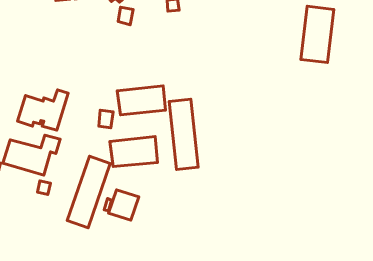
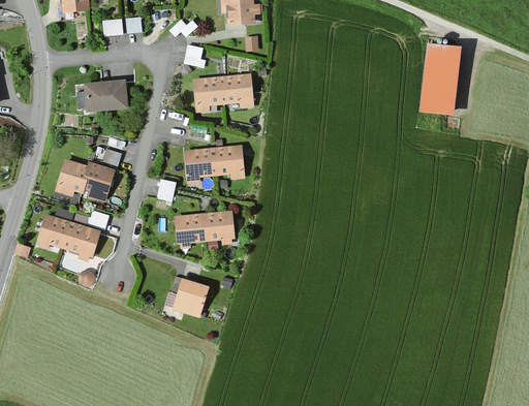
building: none -> [193,73,255,113]
building: none -> [82,80,129,111]
building: [169,99,198,170] -> none
building: [67,156,110,228] -> none

